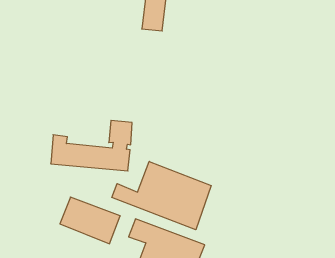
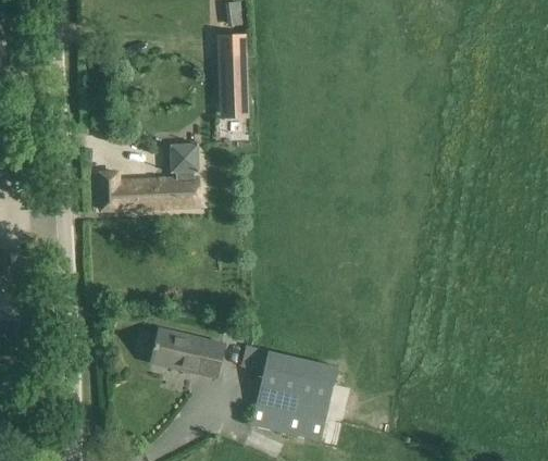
building: [51,120,132,171] -> [99,142,200,209]
building: [112,161,211,230] -> none

